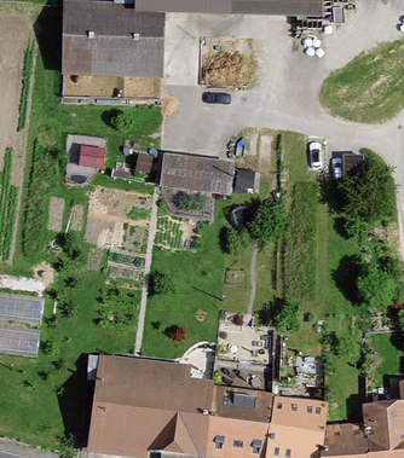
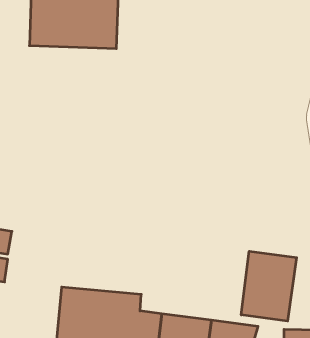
building: [157,147,232,190] -> none
building: none -> [241,251,297,321]

